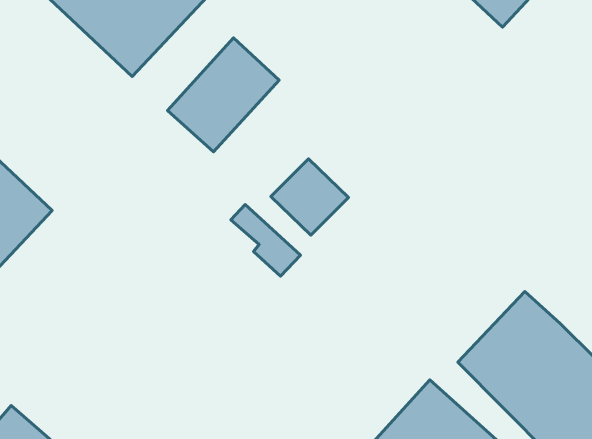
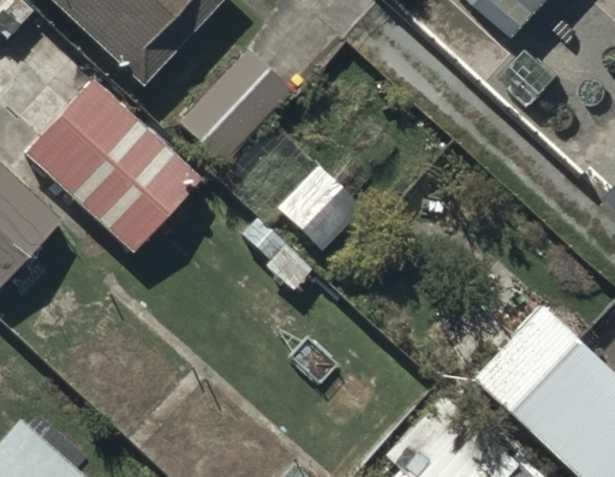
building: none -> [23,78,198,250]

